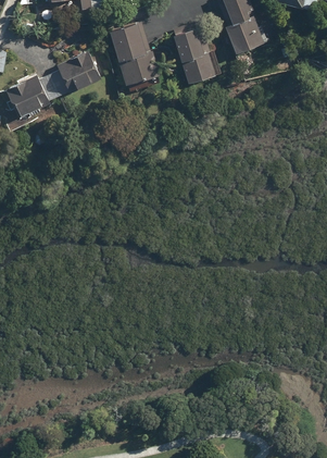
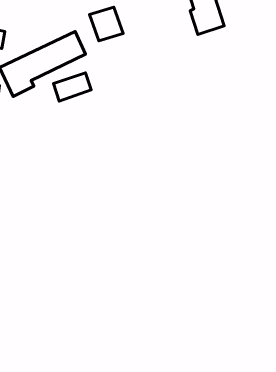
building: [171,28,221,83] -> none
building: [116,55,160,88] -> [53,73,91,101]

